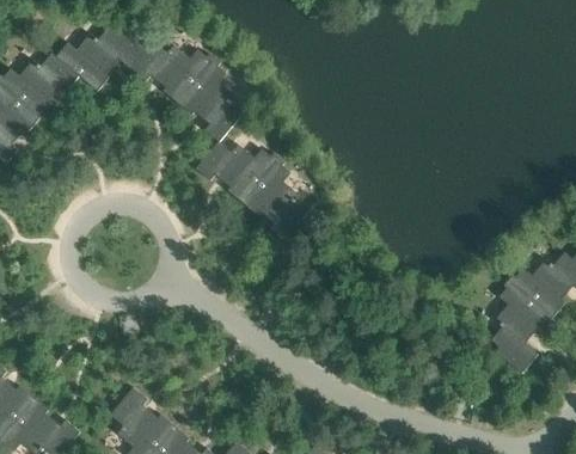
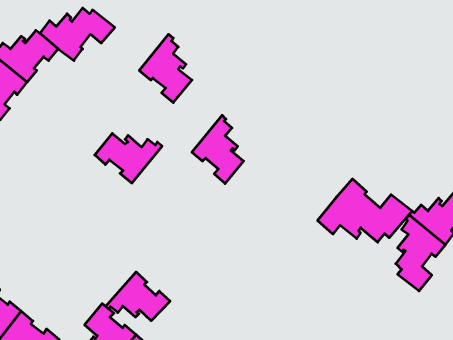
building: [131,43,214,103] -> none
building: [197,142,280,203] -> [95,133,162,183]
building: none -> [318,179,412,242]
building: none -> [106,272,170,321]

